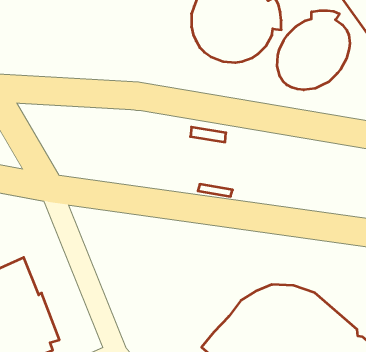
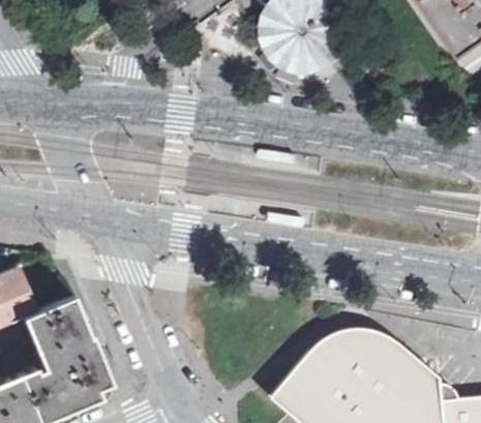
building: [277,11,350,90] -> none

